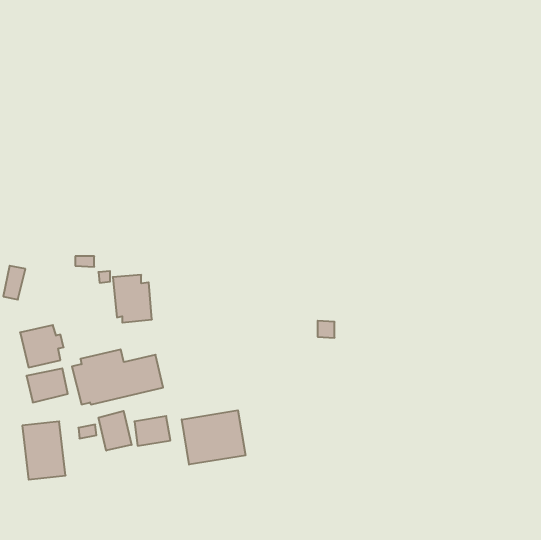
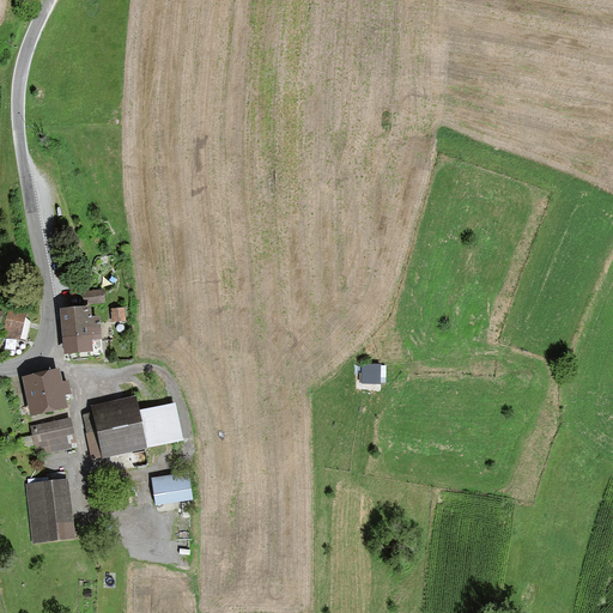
building: [113,275,152,323] -> [60,305,104,359]
building: [182,410,245,465] -> none
building: [99,411,132,451] -> none

